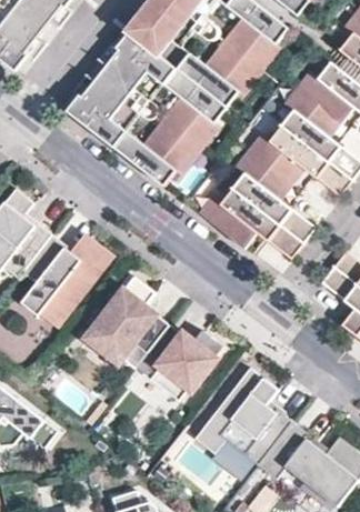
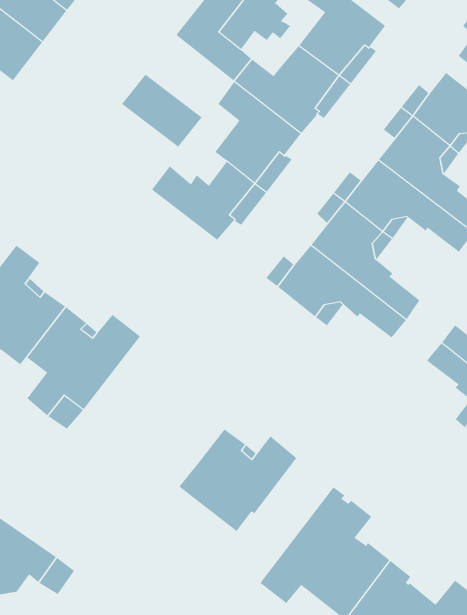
building: [109,34,174,96] -> none
building: [69,86,133,149] -> none
building: [88,278,167,370] -> none

